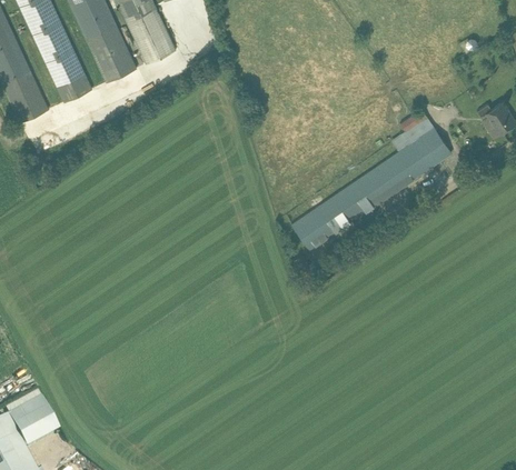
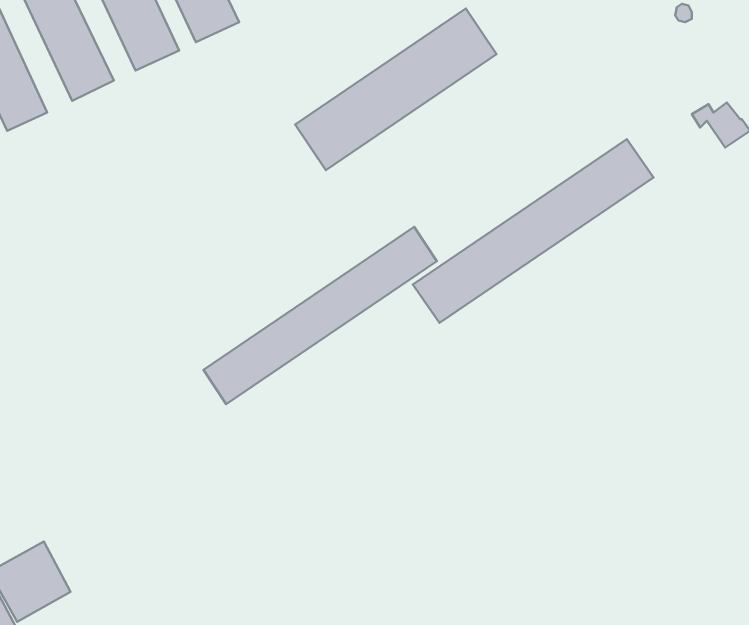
building: none -> [295,9,496,170]
building: none -> [203,227,437,404]

